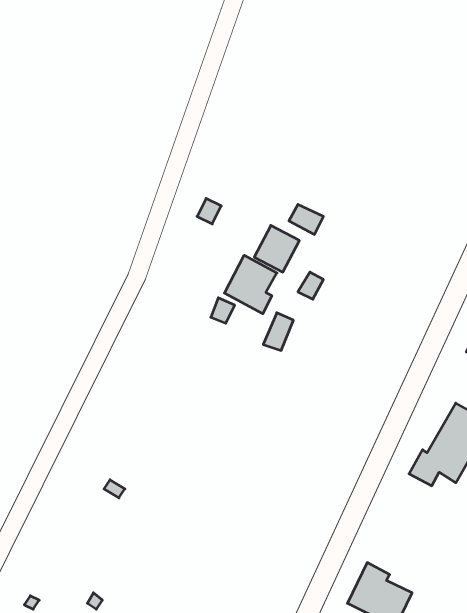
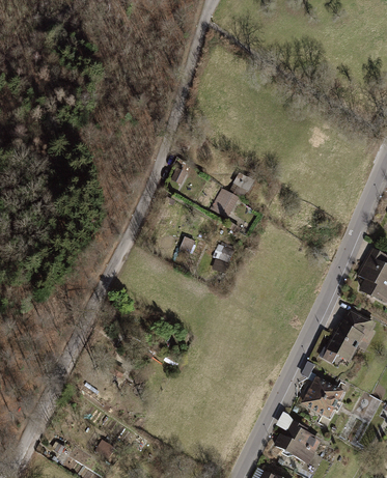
building: [224,255,277,314] -> none
building: none -> [302,376,345,420]

